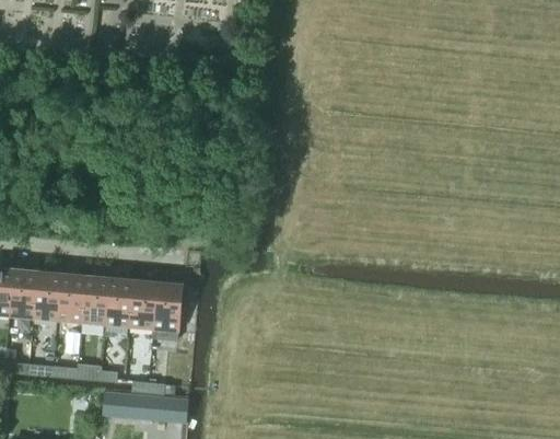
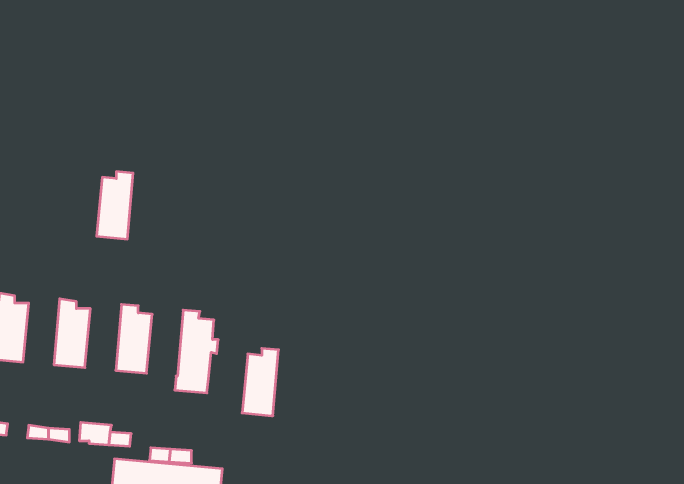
building: [33,267,61,320] -> none
building: [81,272,109,324] -> [97,172,133,239]
building: [129,276,158,328] -> [242,348,279,416]

